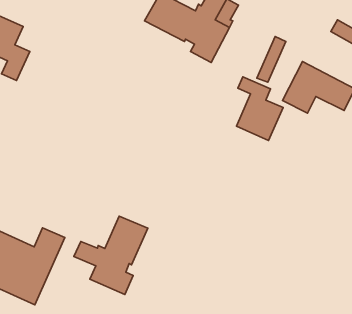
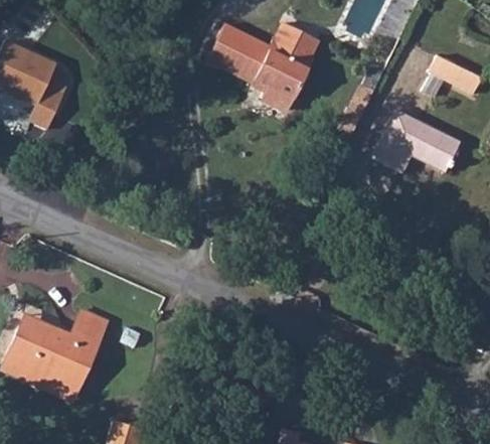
building: [237,77,283,140] -> none
building: [74,216,148,295] -> none

